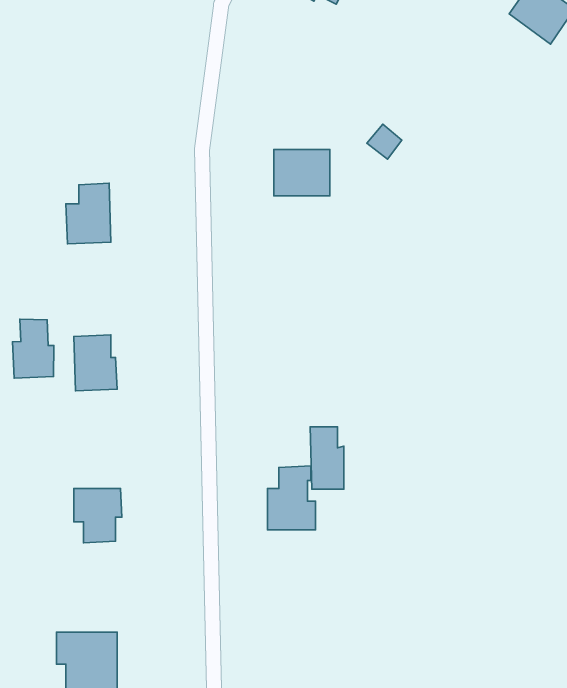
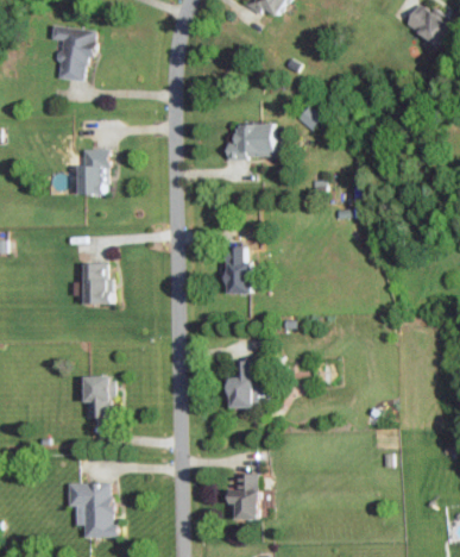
building: none -> [51,23,94,82]
building: [13,319,54,378] -> none
building: [310,427,344,489] -> [223,246,248,293]
building: none -> [226,475,257,519]

